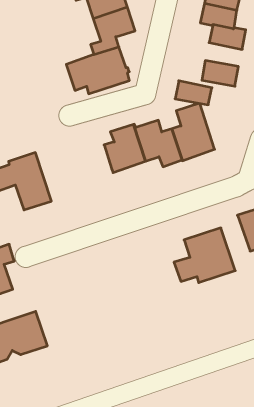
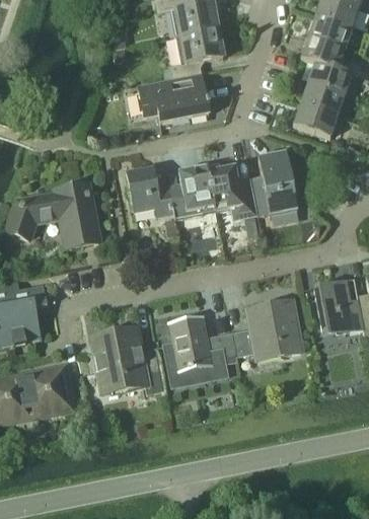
building: [175,81,212,105] -> [300,82,345,115]
building: none -> [127,167,174,216]
building: none -> [162,316,237,379]
building: none -> [92,329,165,393]

